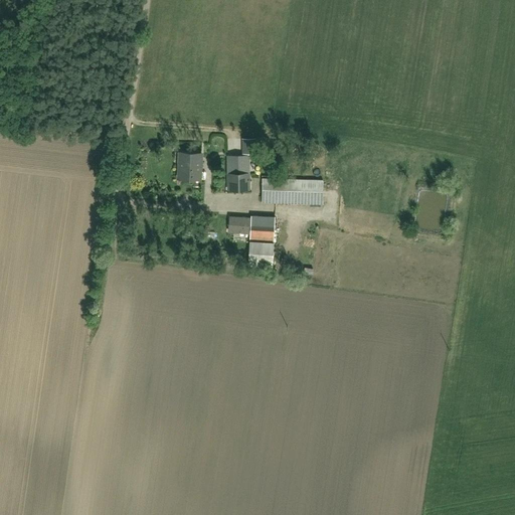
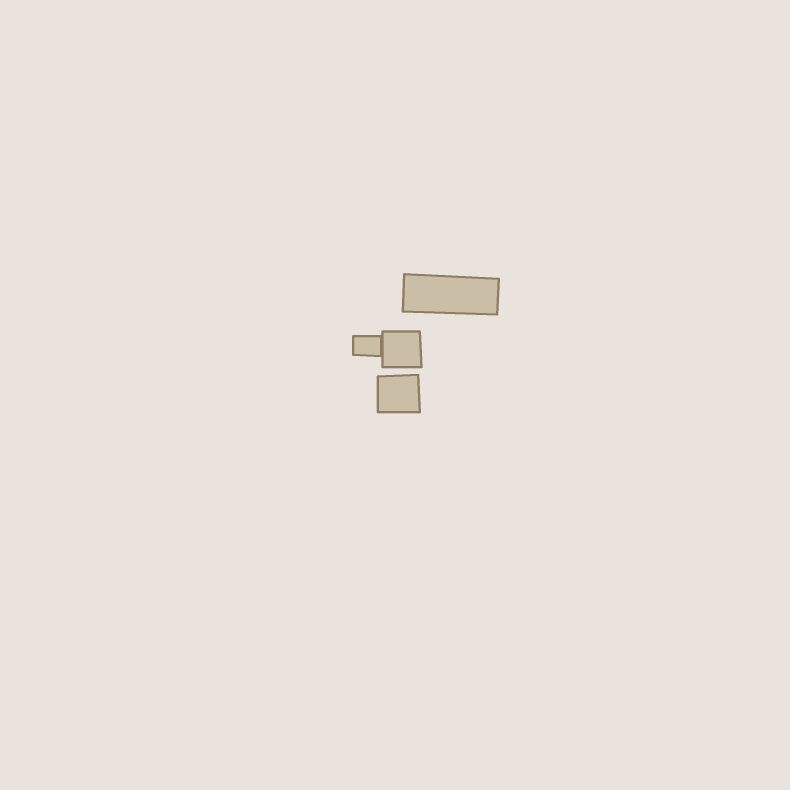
building: [177,152,200,179] -> none
building: [229,156,248,189] -> none

